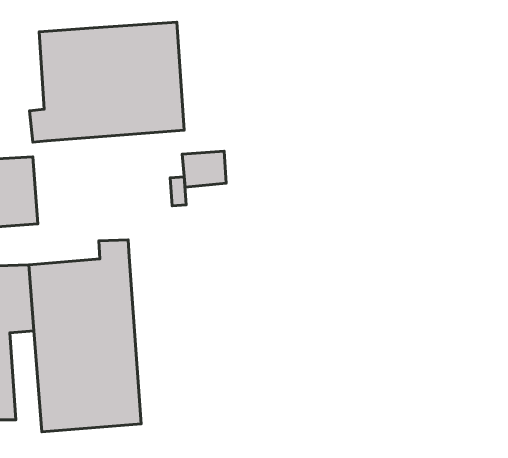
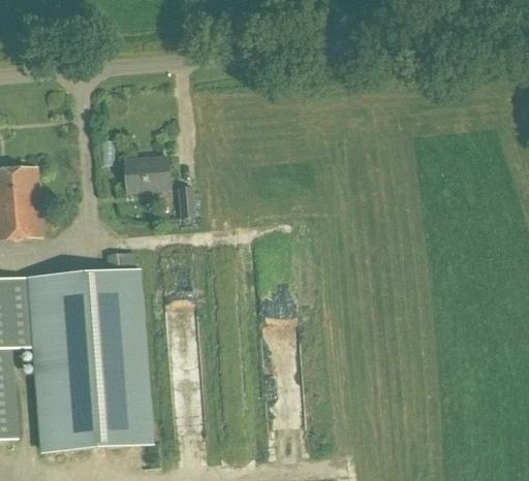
building: [30,22,184,142] -> none
building: [182,151,226,187] -> [125,155,170,192]

